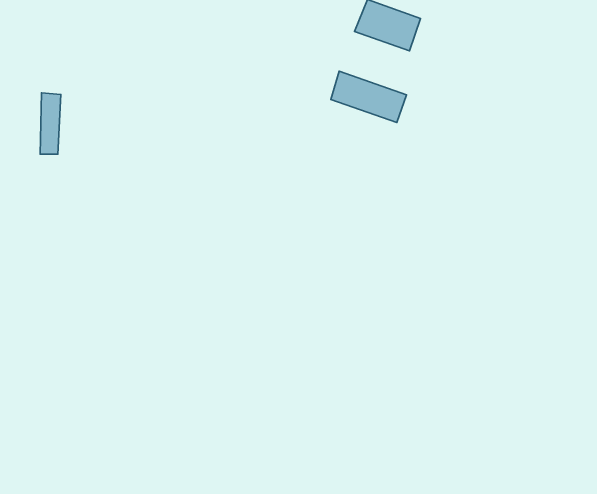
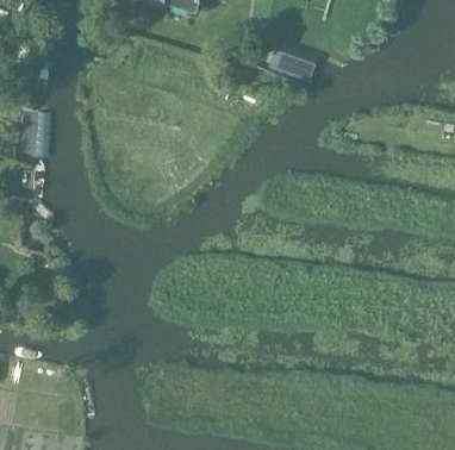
building: [331,71,407,122] -> none

